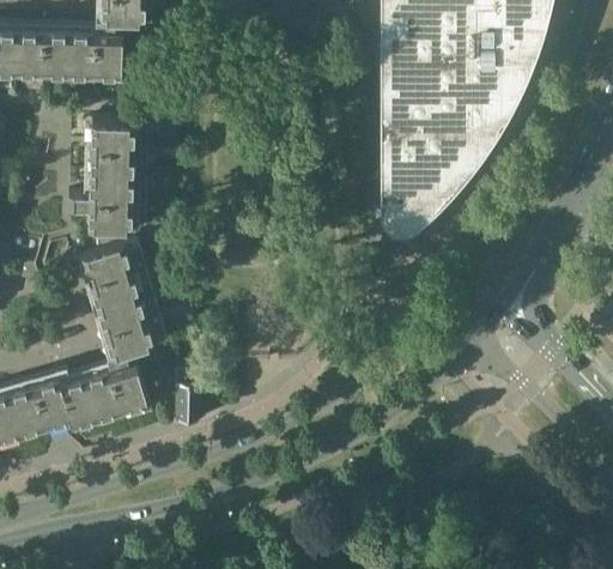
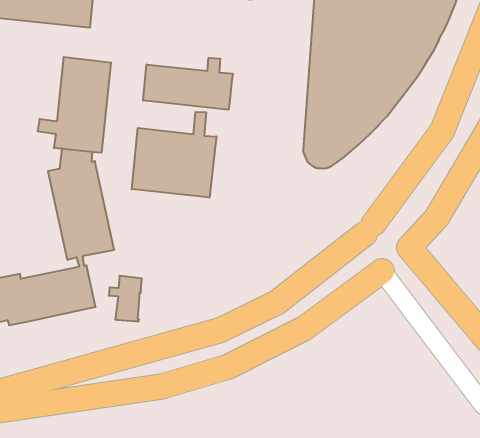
building: none -> [143,58,233,110]
building: none -> [132,112,216,198]

